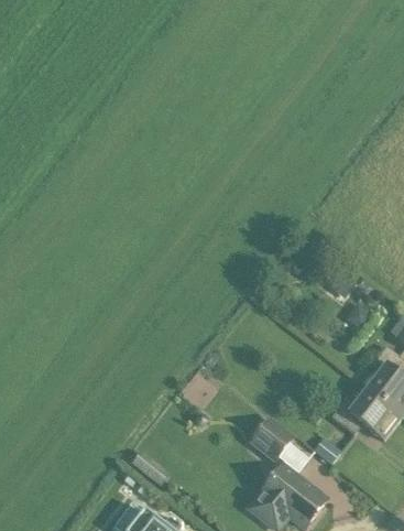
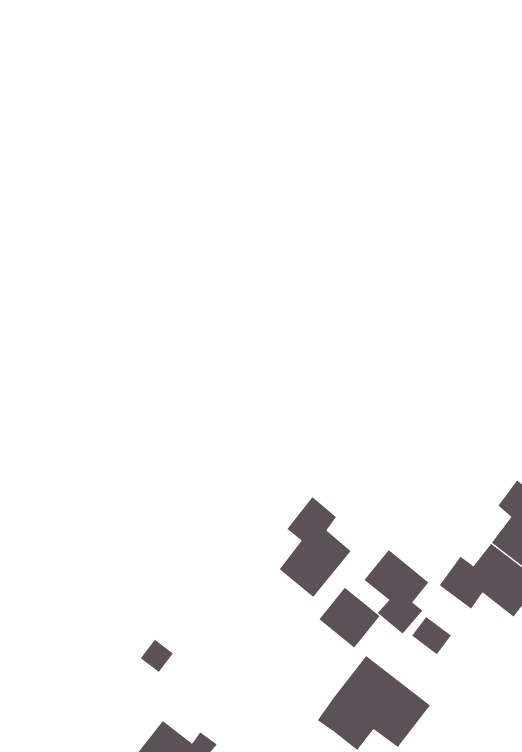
building: none -> [279,496,352,598]
building: none -> [363,549,429,635]

